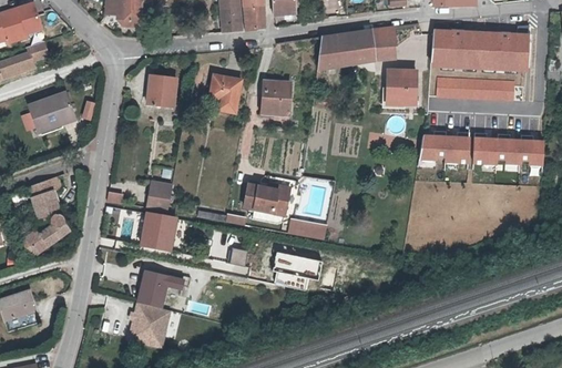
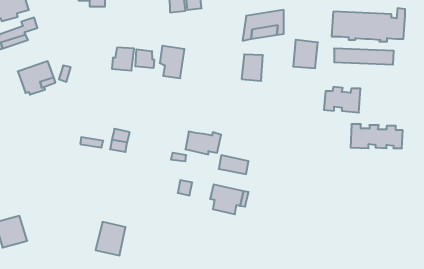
building: [371,24,397,59] -> none
building: [262,79,289,113] -> [242,54,263,81]
building: none -> [135,49,154,68]
building: [474,131,542,162] -> [351,124,403,148]
building: [17,178,65,259] -> none
building: [140,214,175,251] -> none
building: [137,270,183,306] -> none

